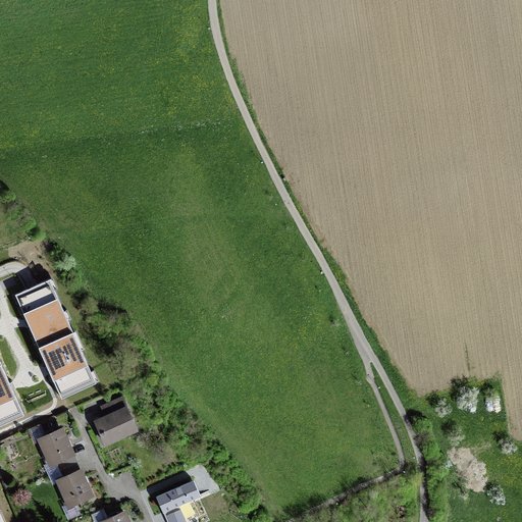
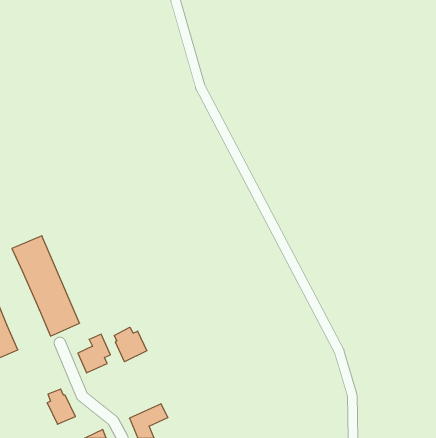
building: none -> [114,327,147,362]
building: [39,428,72,469] -> none

